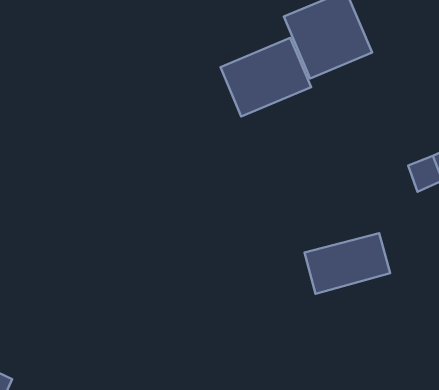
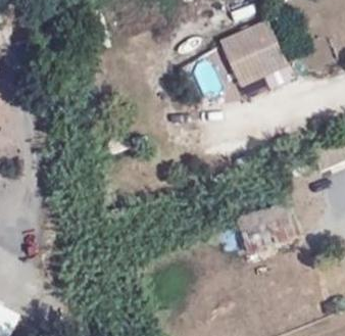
building: [220,38,311,117] -> none

